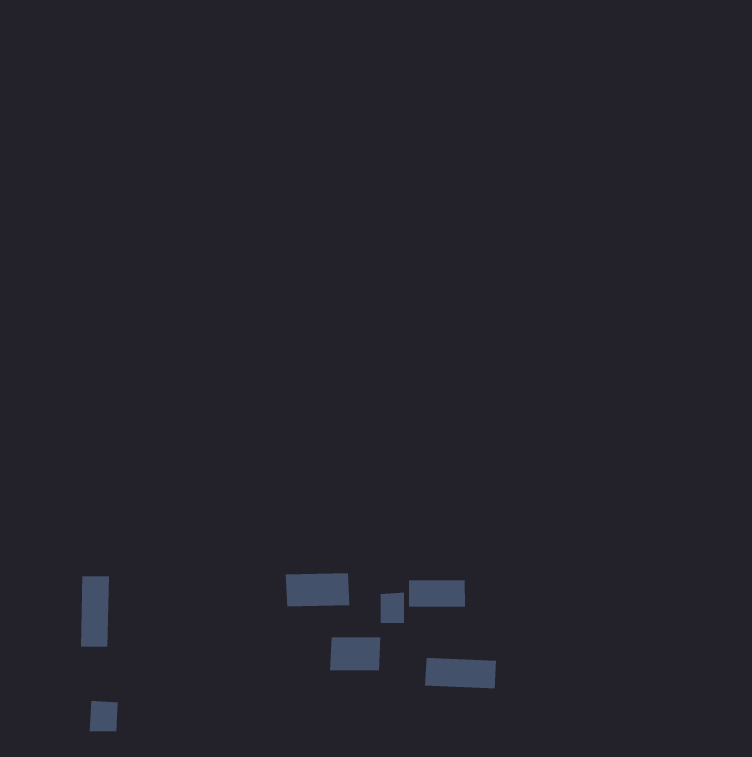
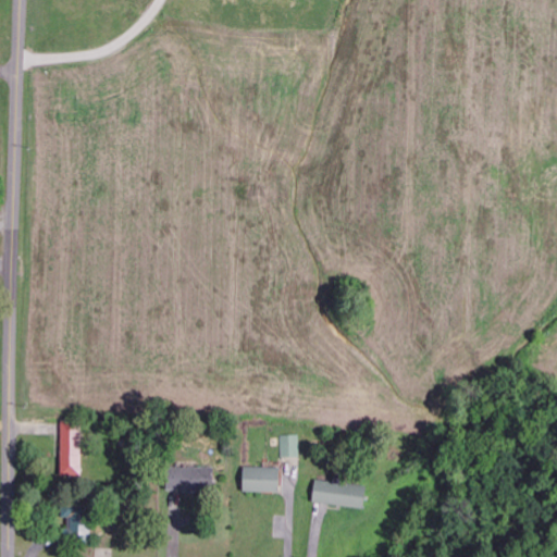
building: [285,573,350,607] -> [165,467,213,492]
building: [408,579,465,608] -> none

